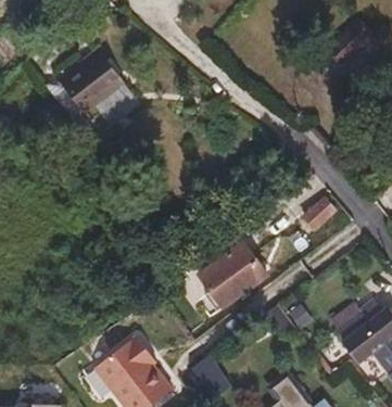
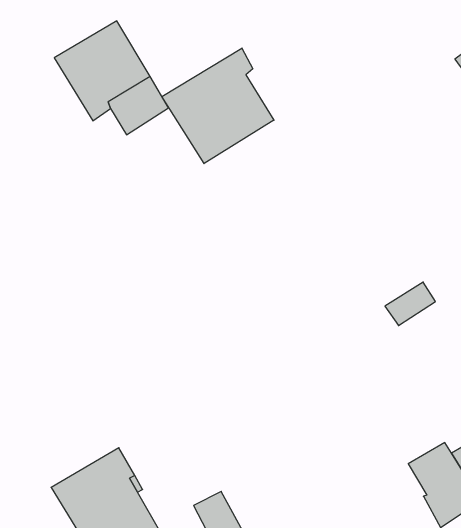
building: none -> [162,48,274,164]
building: [199,243,266,306] -> none

